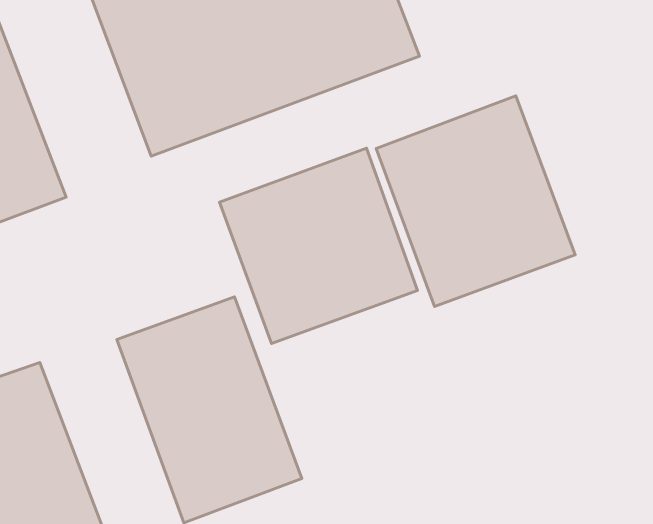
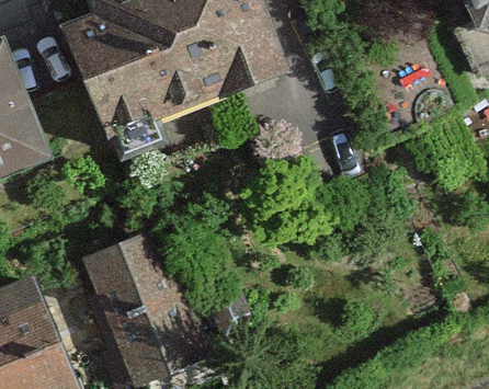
building: [376,96,575,307] -> none
building: [219,148,418,343] -> none

